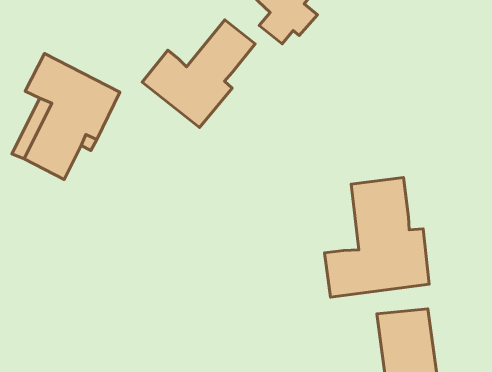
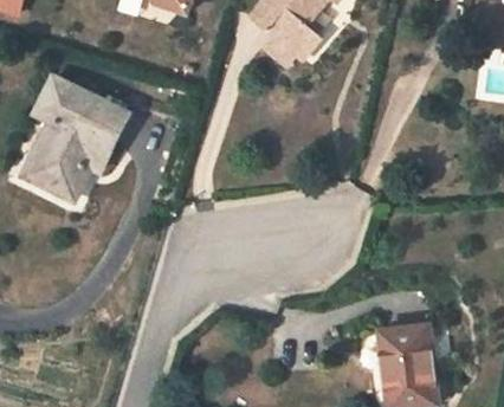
building: [142,20,255,127] -> none
building: [325,177,429,297] -> none

